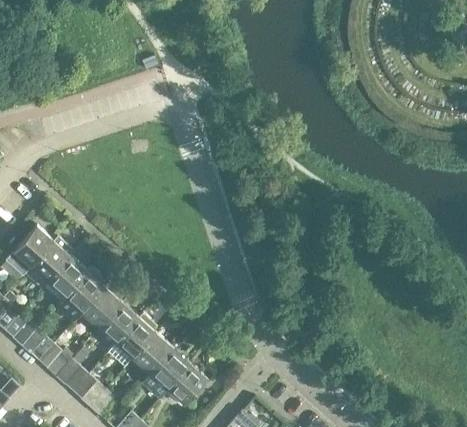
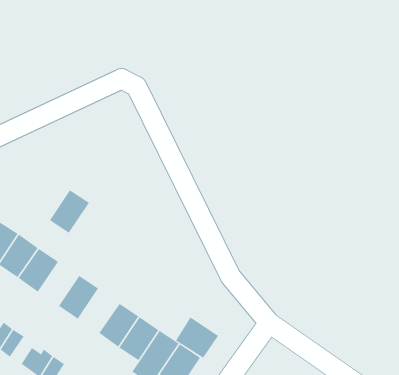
building: [64,271,104,312] -> [49,189,90,234]
building: [98,301,138,342] -> none
building: none -> [175,316,219,359]

